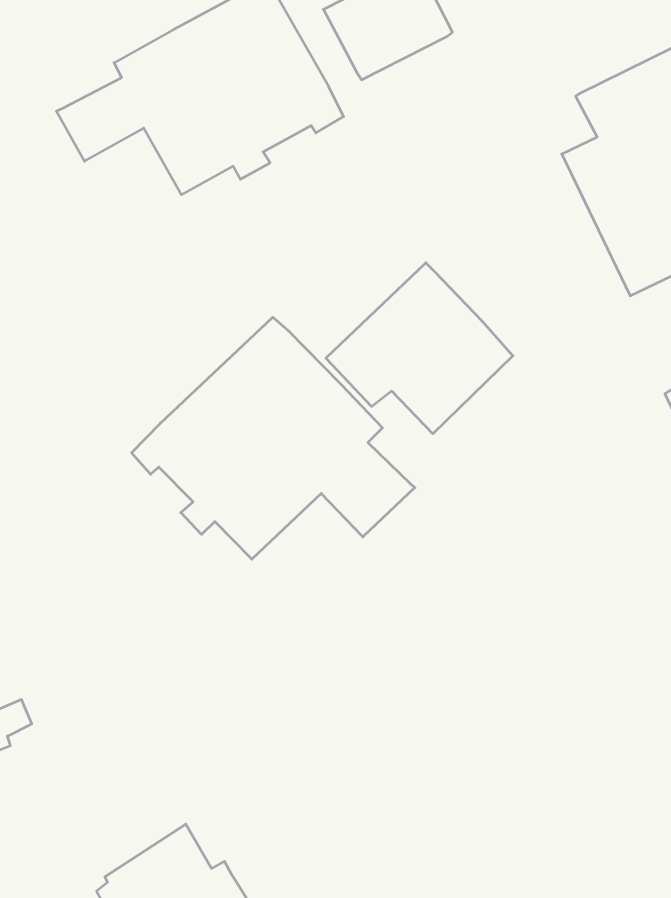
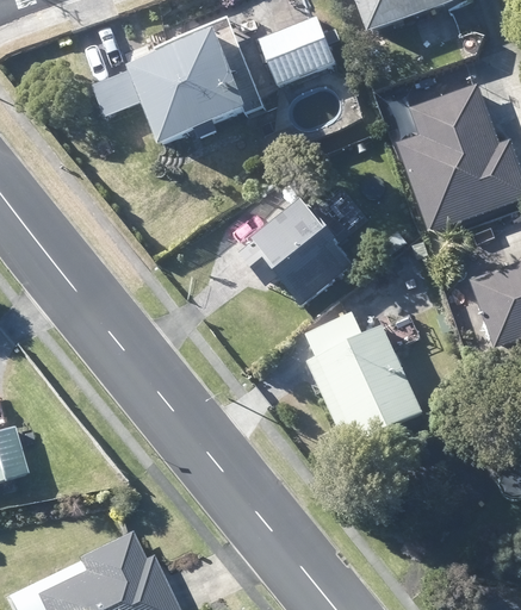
building: [132,317,415,559] -> none
building: none -> [304,310,423,448]

